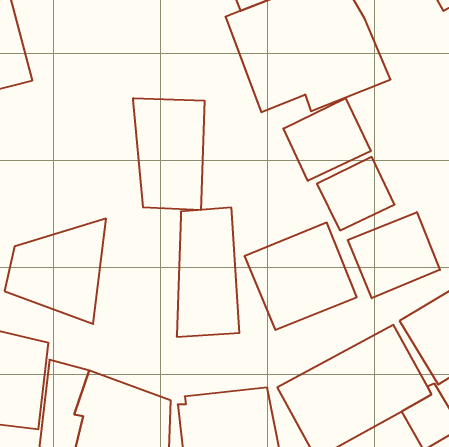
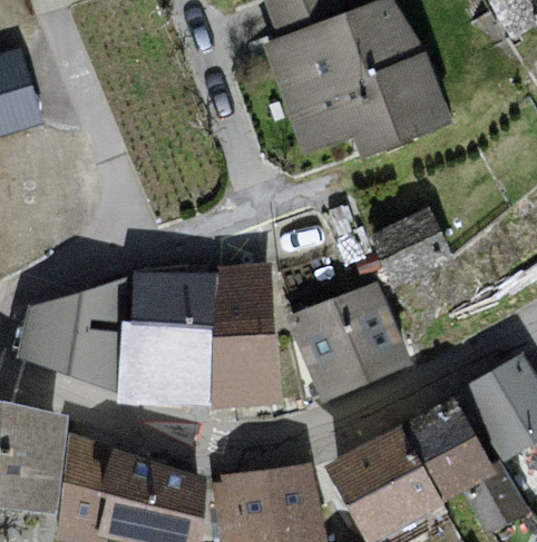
building: [133,98,204,210] -> none
building: [283,98,371,181] -> none
building: [348,212,440,298] -> none
building: none -> [116,272,215,406]

